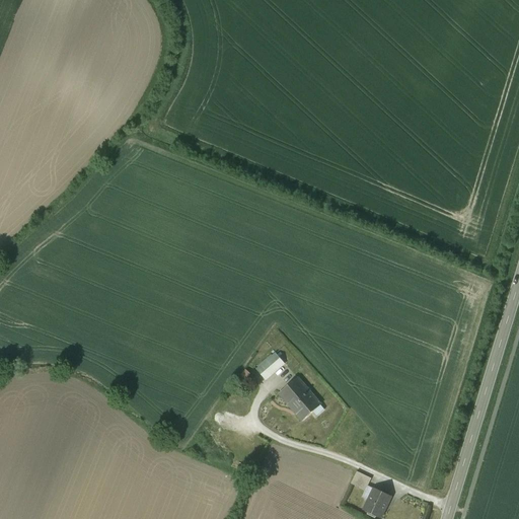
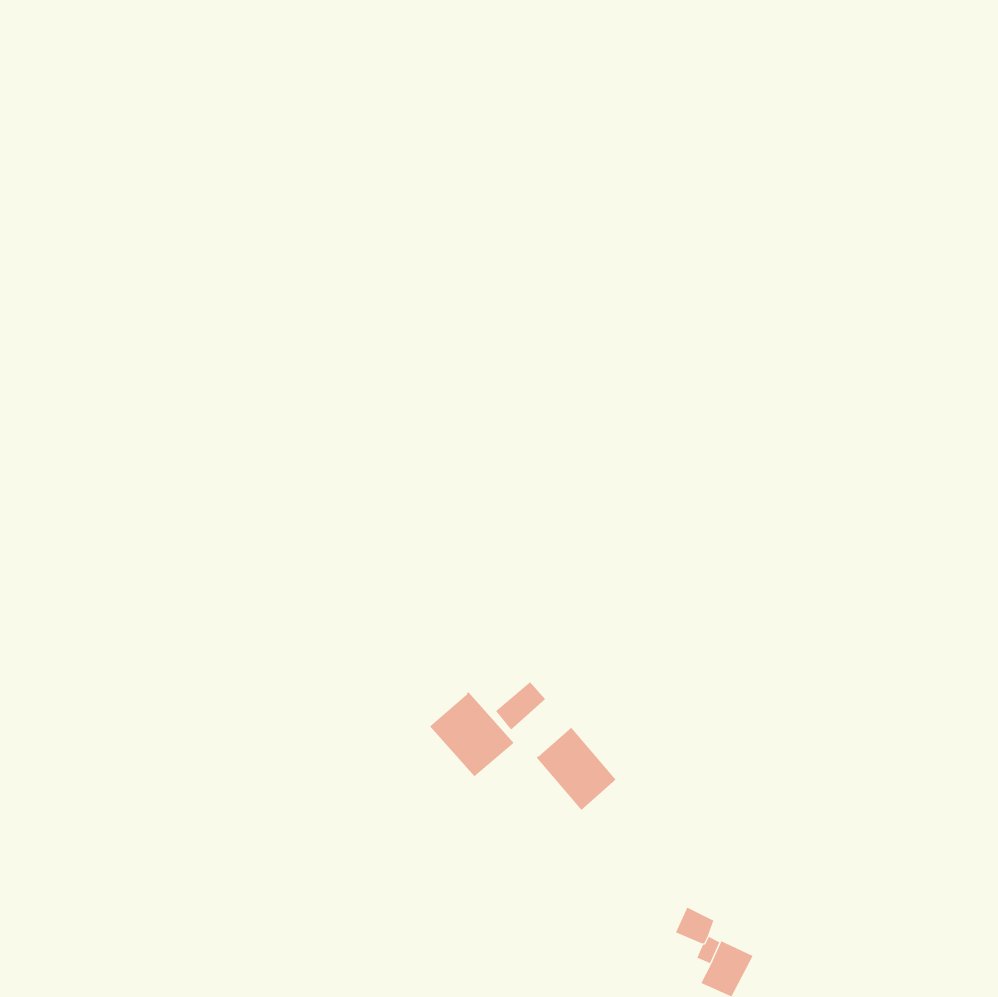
building: none -> [429,692,514,777]

